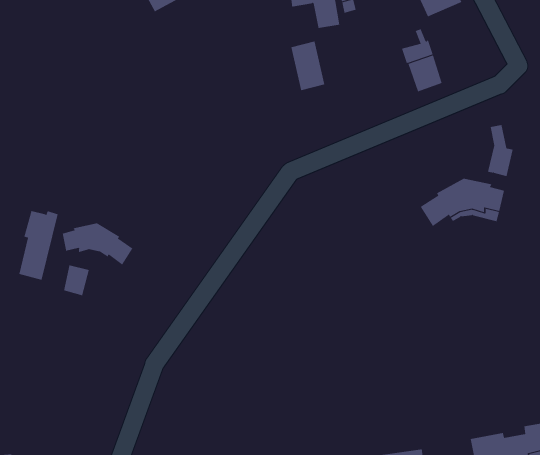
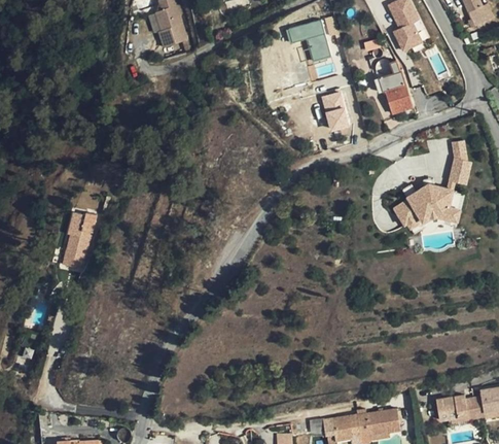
building: [290,41,325,91] -> [320,91,349,132]
building: [62,223,133,265] -> none
building: [63,265,89,296] -> none

